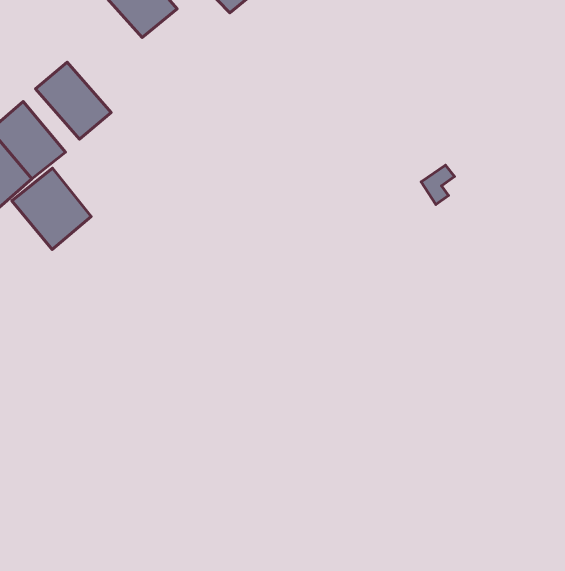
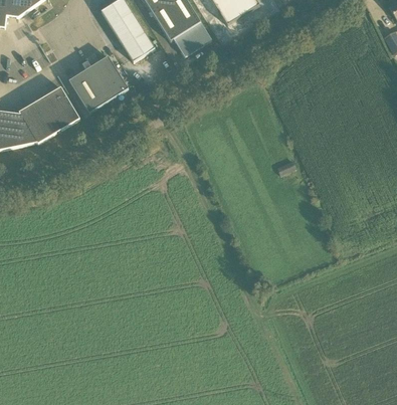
building: none -> [88,55,128,99]
building: [12,168,91,250] -> none

